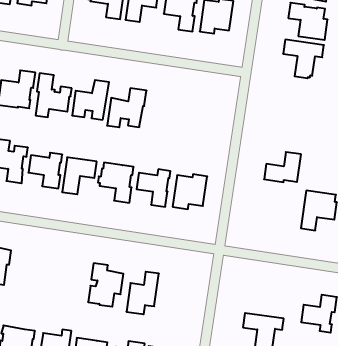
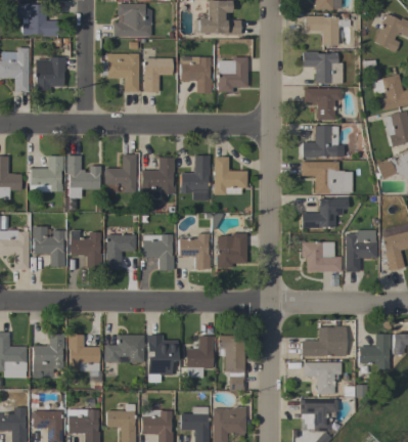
building: none -> [303,126,338,158]
building: none -> [180,156,210,200]
building: none -> [215,157,247,194]
building: none -> [301,162,353,193]
building: none -> [302,241,342,272]
building: none -> [67,335,99,370]
building: none -> [104,335,145,362]
building: none -> [218,336,245,390]
building: none -> [302,325,346,356]

